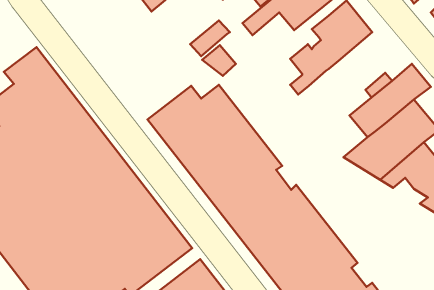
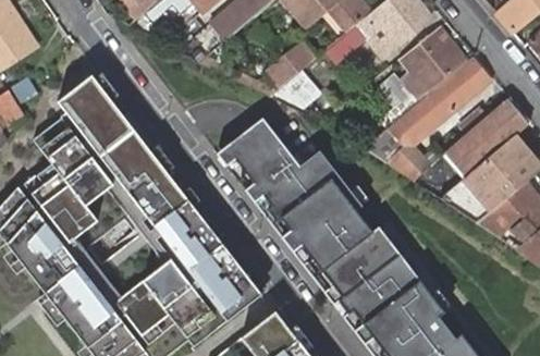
building: none -> [364,57,489,181]

